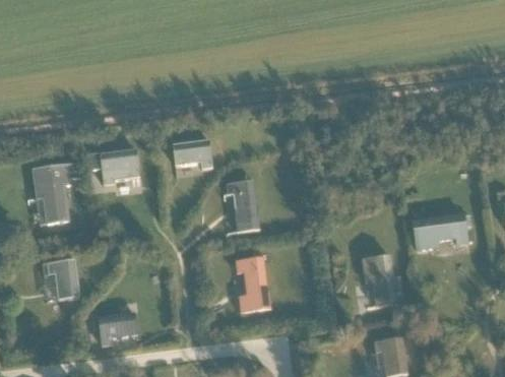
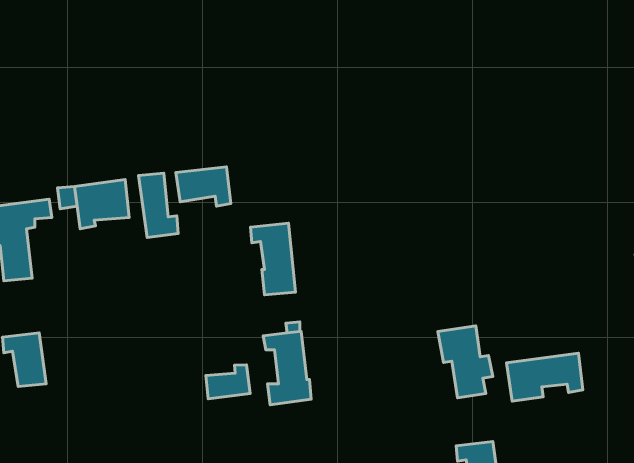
building: none -> [139,173,178,238]
building: [412,214,466,249] -> [507,353,583,401]
building: none -> [206,365,250,399]
building: [98,312,136,344] -> none

